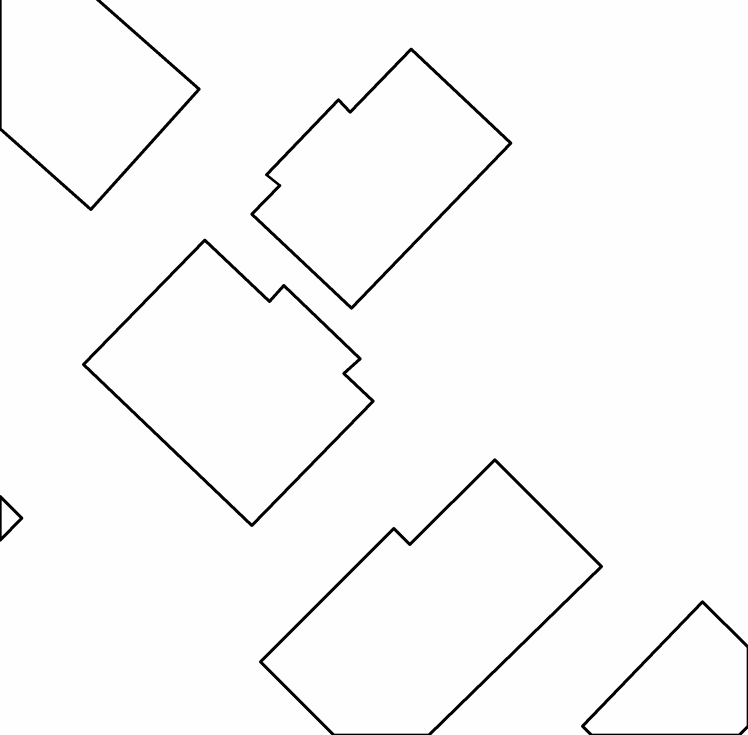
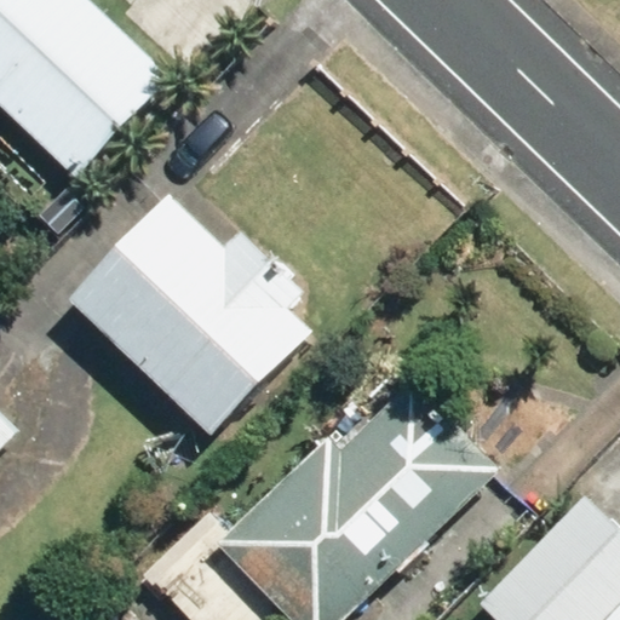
building: [252,49,511,308] -> none

